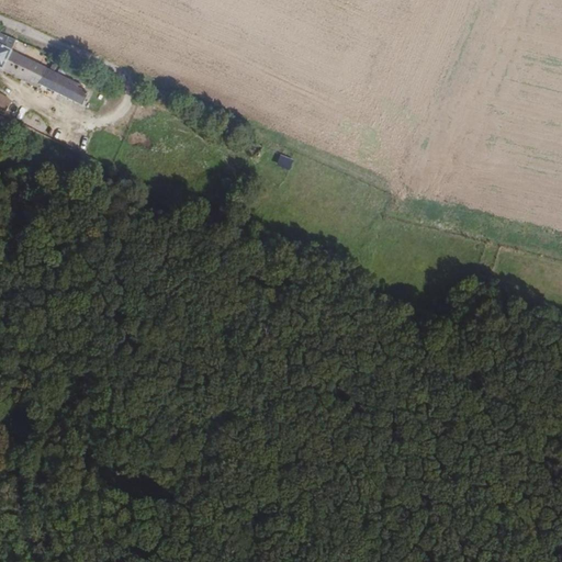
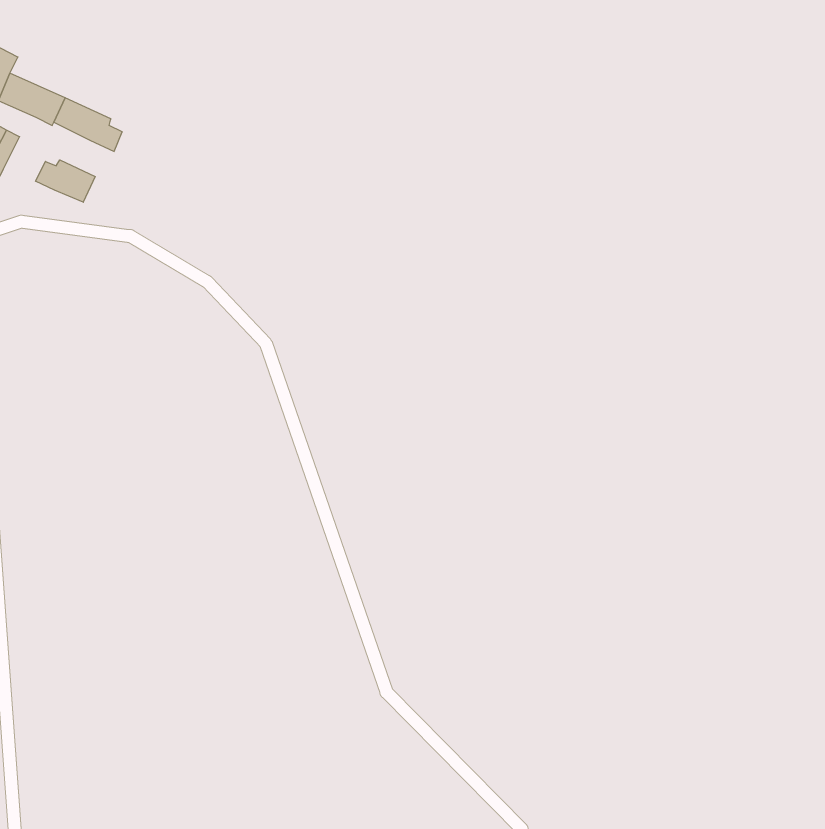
building: none -> [36,160,95,202]

